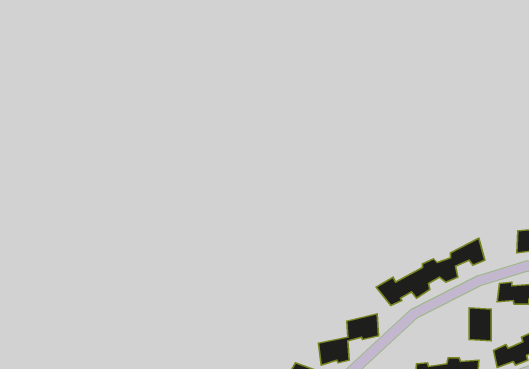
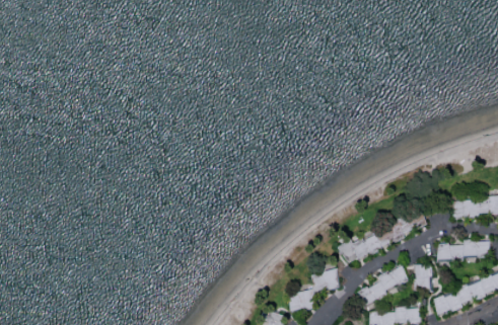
building: none -> [357,266,408,308]

